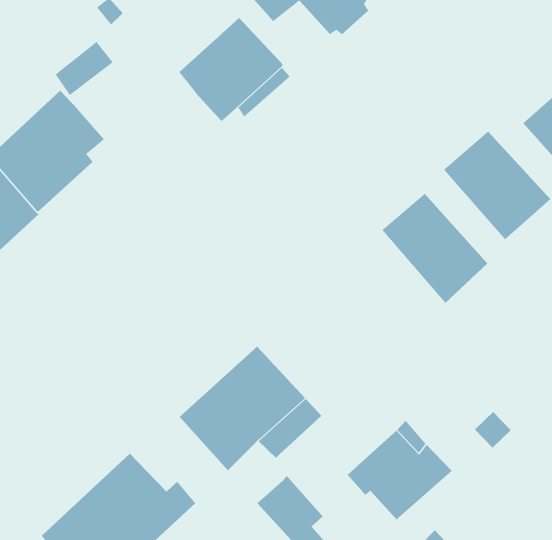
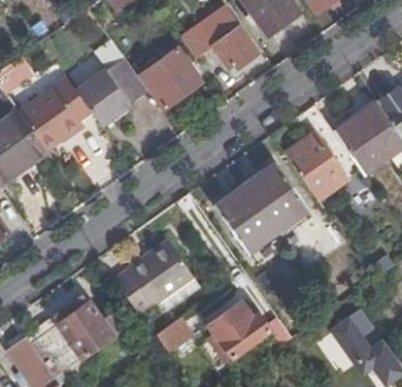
building: none -> [77,58,146,125]
building: none -> [217,184,277,251]

